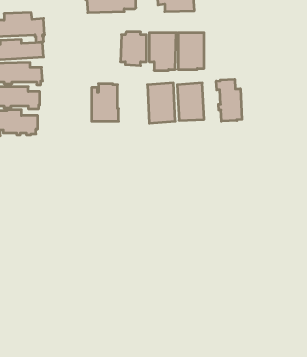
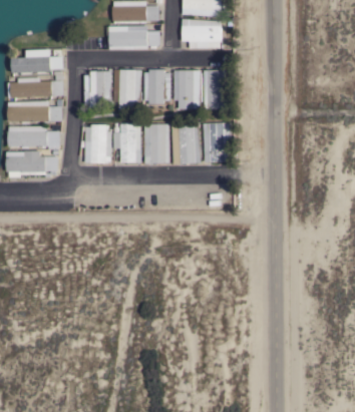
building: none -> [119,69,141,111]
building: none -> [84,71,111,106]
building: [216,79,242,121] -> none
building: none -> [84,124,110,163]
building: none -> [144,124,169,163]

